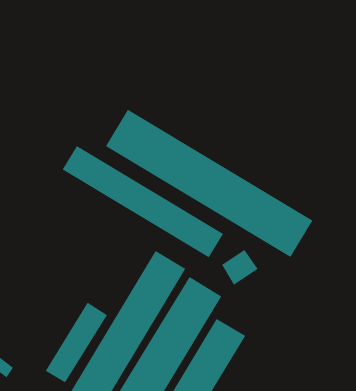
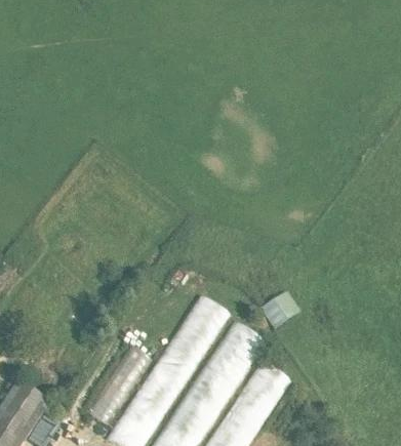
building: [105,109,313,258] -> none
building: [62,145,224,258] -> none

